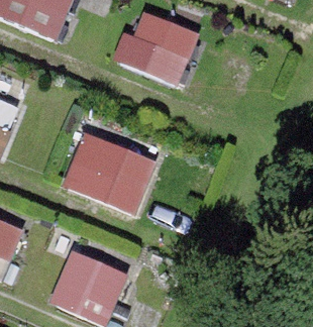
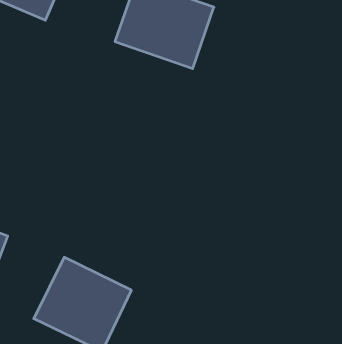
building: [61,130,160,215] -> none

